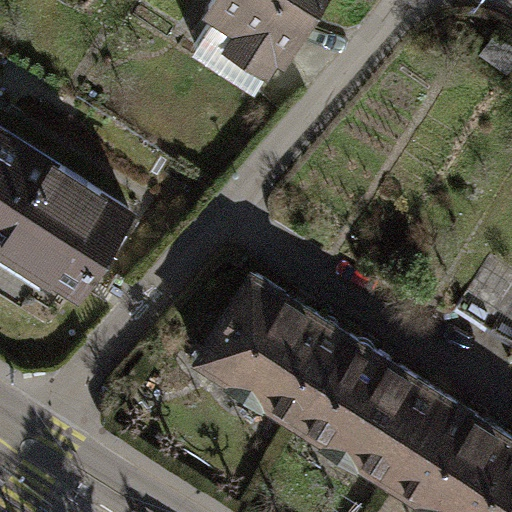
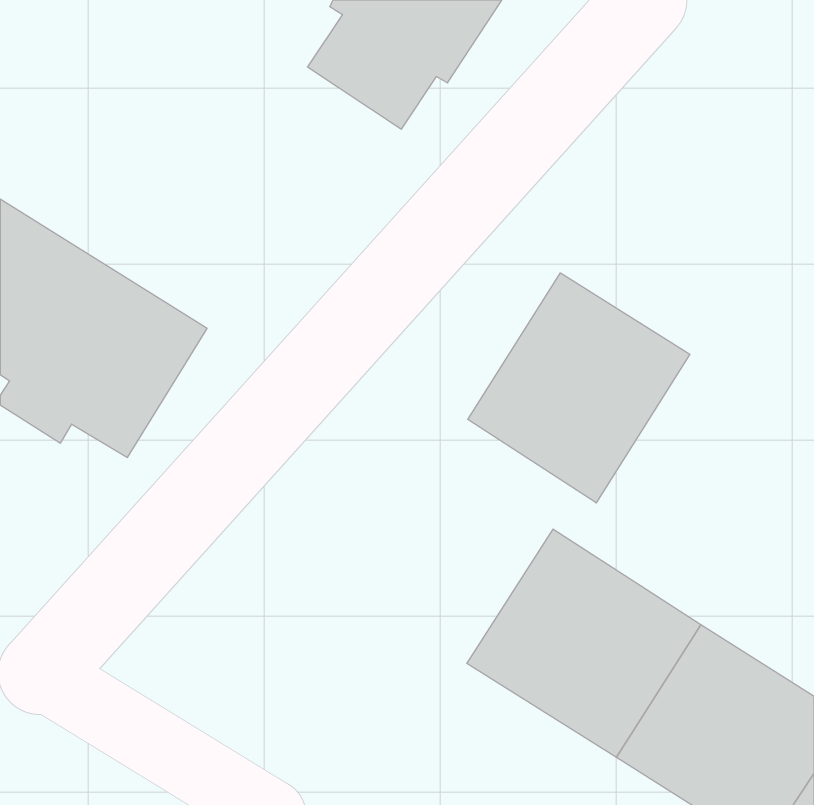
building: none -> [468,273,690,503]
building: [197,277,347,422] -> none

